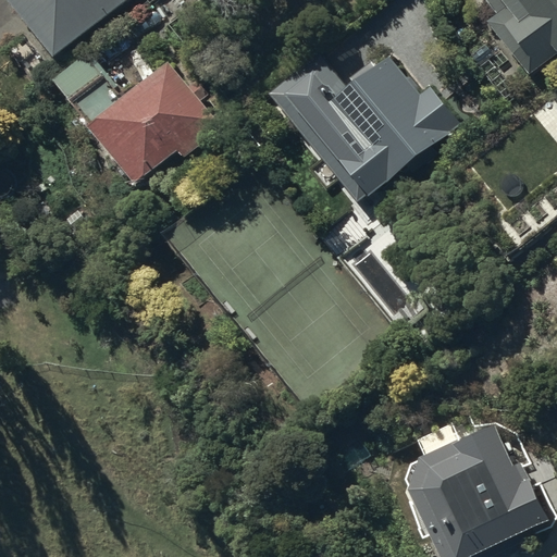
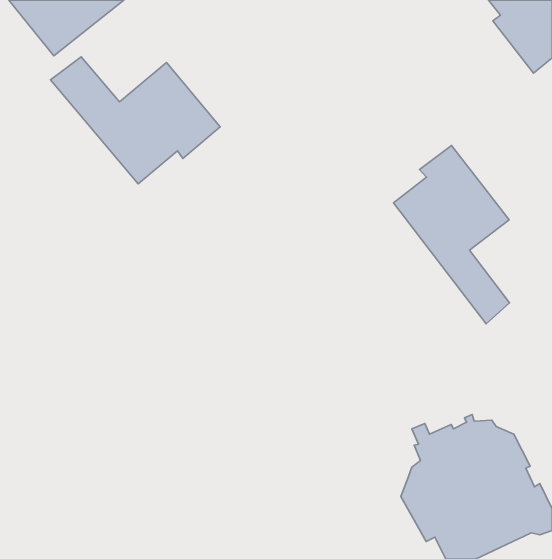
building: [271,59,458,195] -> none
building: none -> [394,145,509,324]

